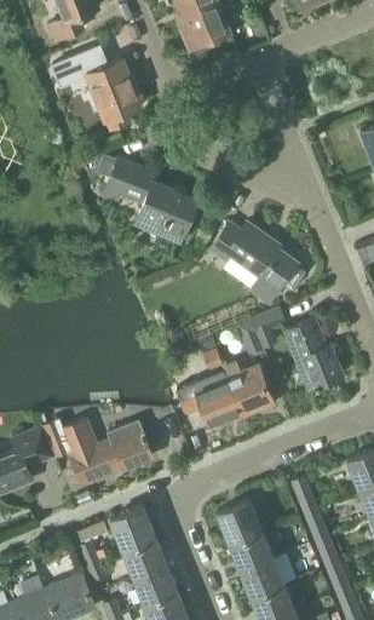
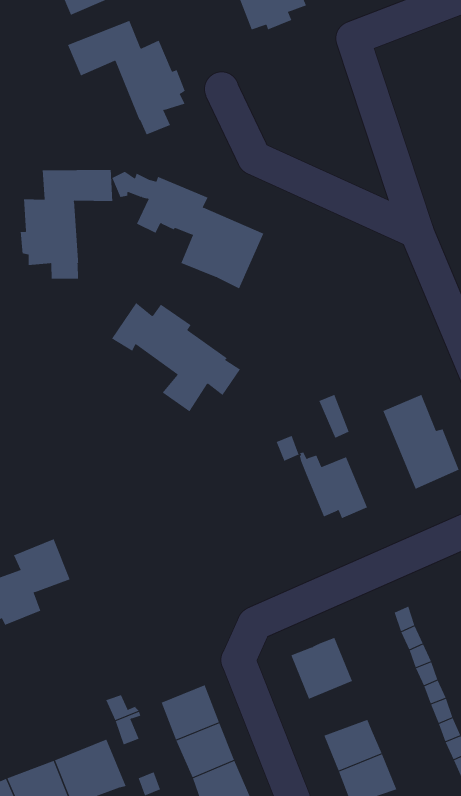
building: none -> [20,169,113,280]
building: [211,222,306,303] -> [111,302,241,412]
building: [249,308,284,348] -> none
building: [177,369,241,424] -> none
building: [42,418,153,483] -> none
building: [79,506,154,547] -> none
building: [230,532,274,572] -> none

